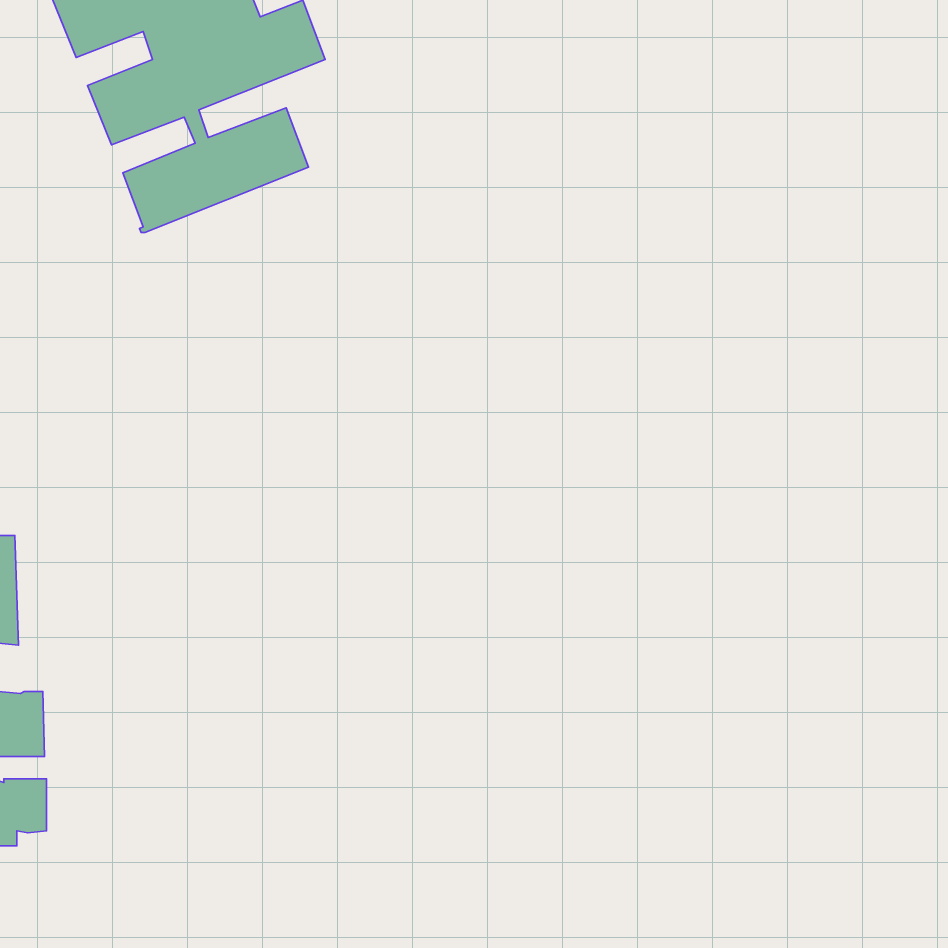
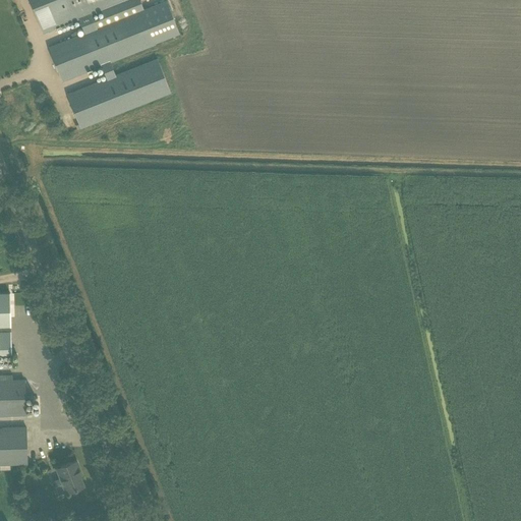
building: none -> [55,460,82,495]

